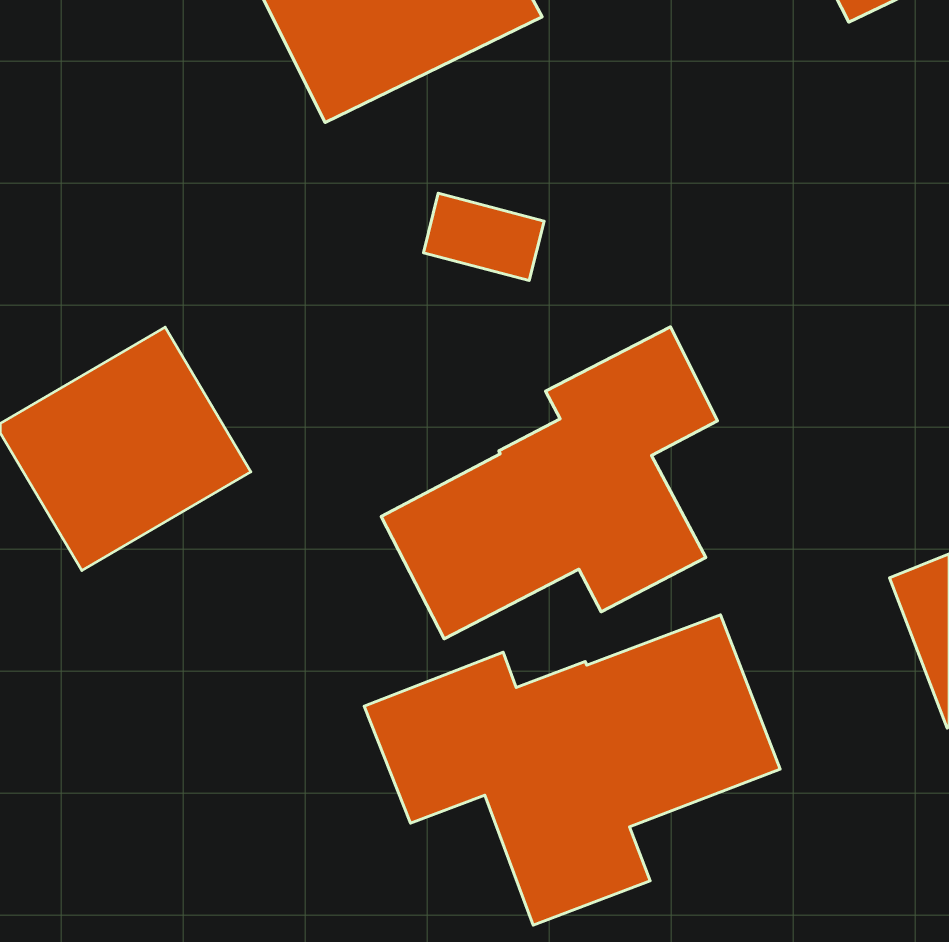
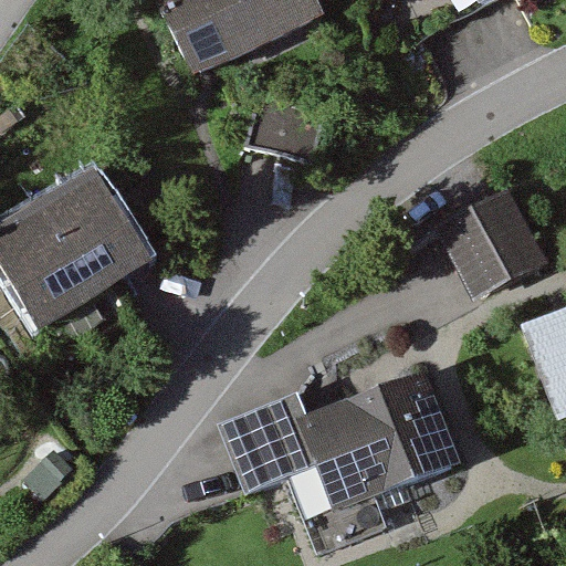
building: none -> [434,184,549,300]
building: [381,327,717,639] -> none

